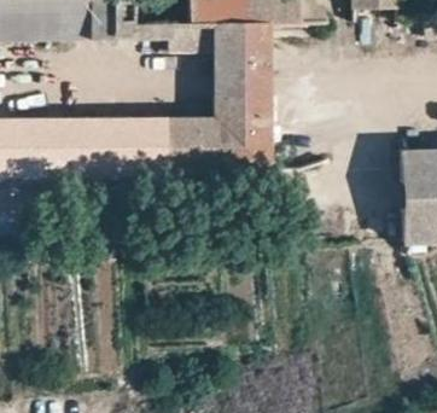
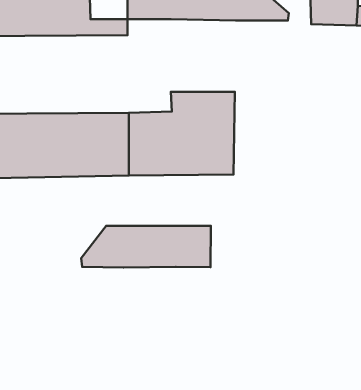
building: [209,23,273,94] -> none
building: none -> [81,226,211,268]

